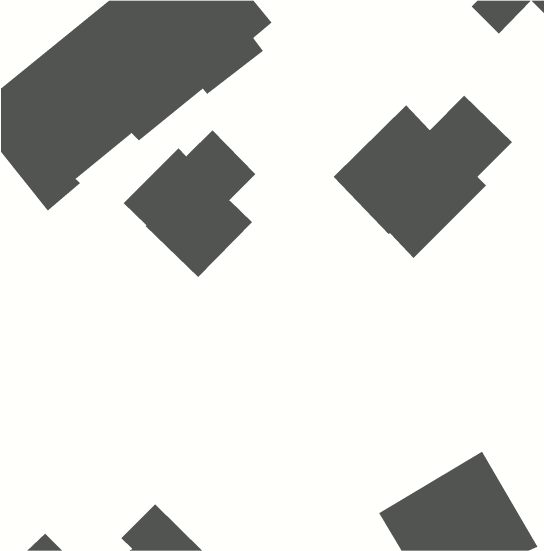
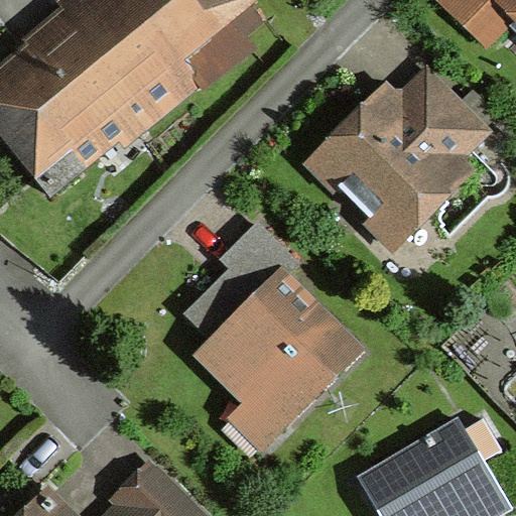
building: [123,129,256,278] -> none
building: none -> [187,227,356,423]

